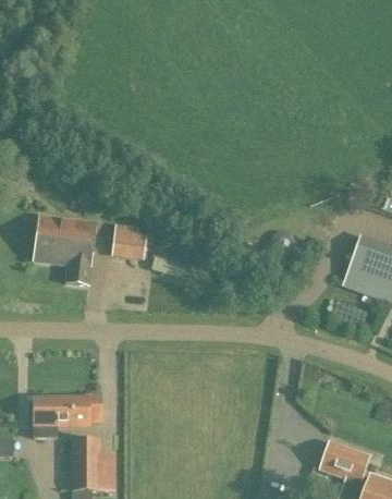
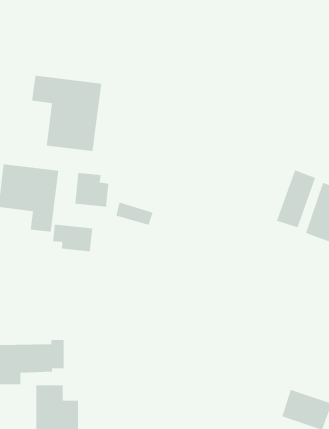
building: none -> [32,75,102,152]
building: none -> [276,169,316,228]
building: none -> [52,224,93,252]

